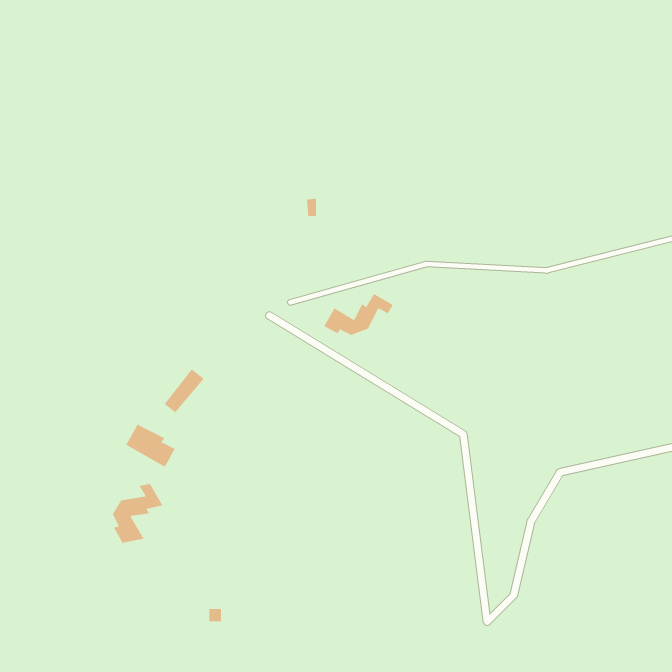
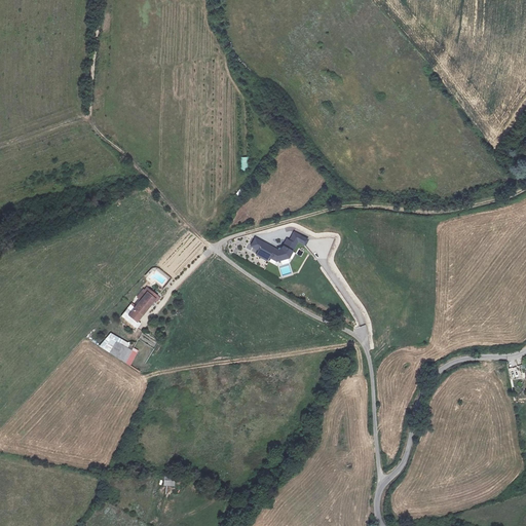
building: [112,483,163,544] -> none

